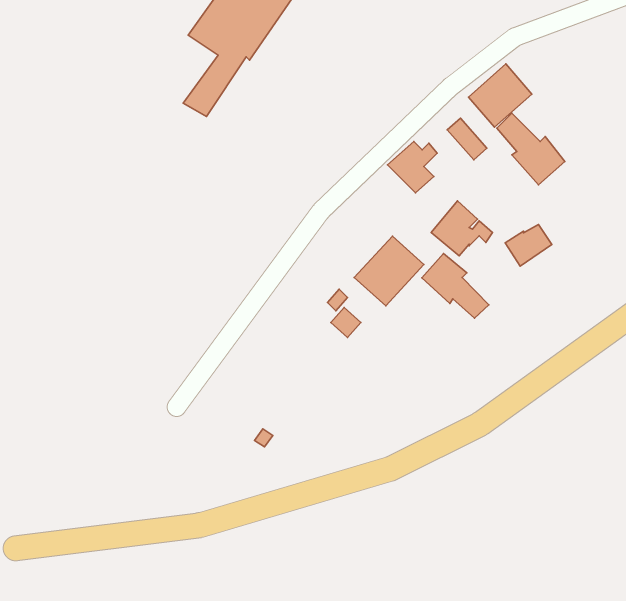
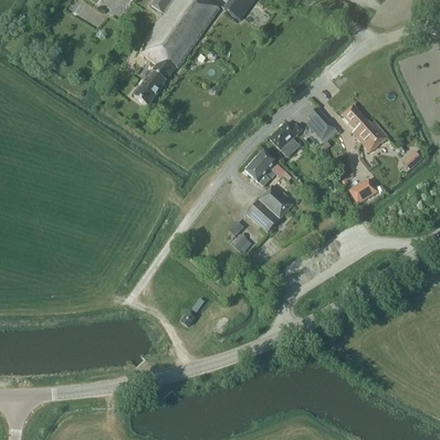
building: [468,64,532,127] -> none
building: [431,201,493,256] -> [244,150,285,187]
building: [422,254,489,318] -> none

